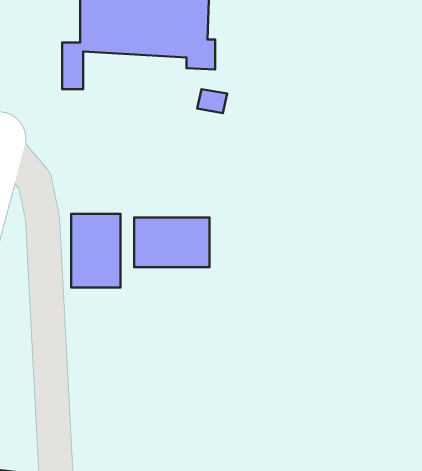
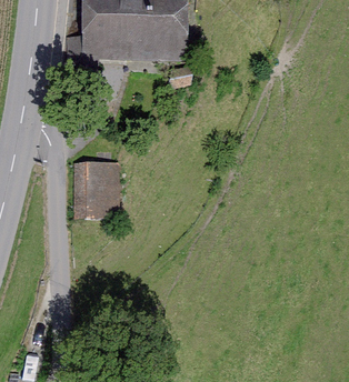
building: [134,217,210,267] -> none

